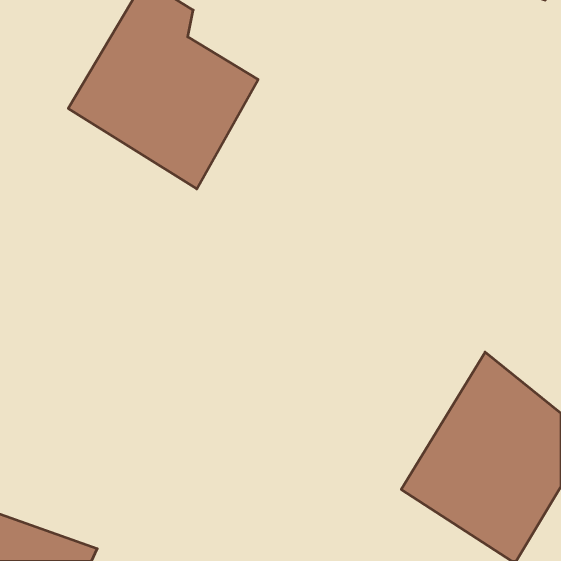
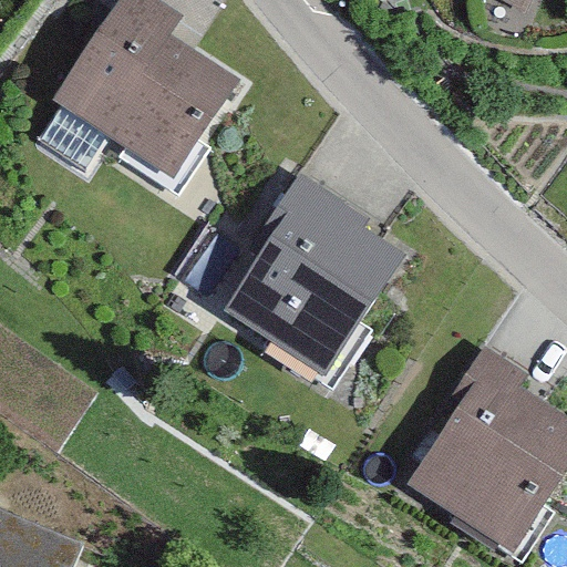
building: none -> [210,176,408,383]

